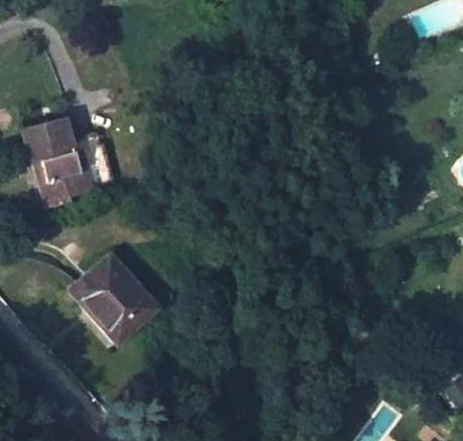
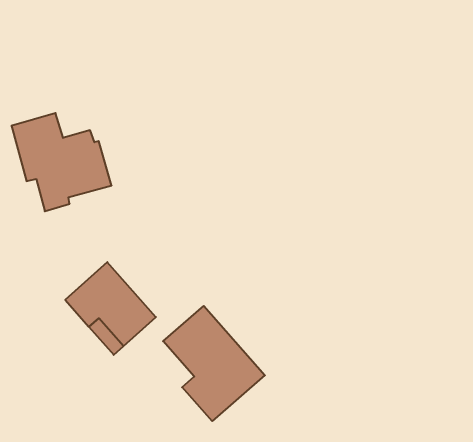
building: none -> [163,306,265,421]

